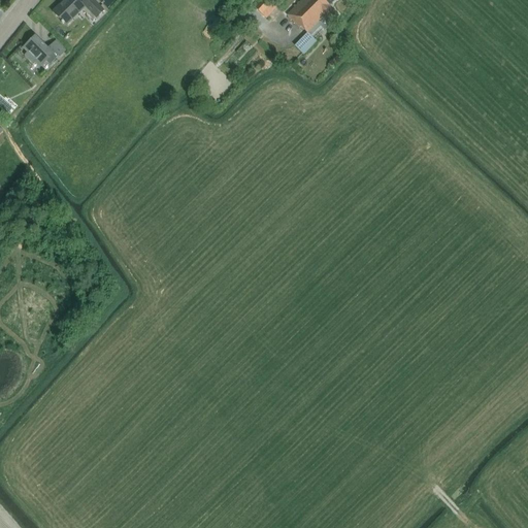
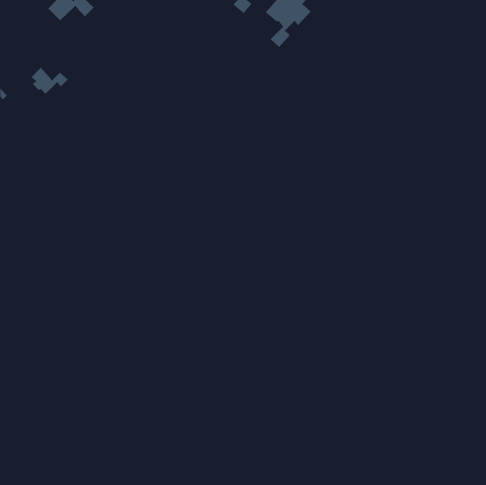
building: [23,34,64,64] -> [30,67,68,95]

